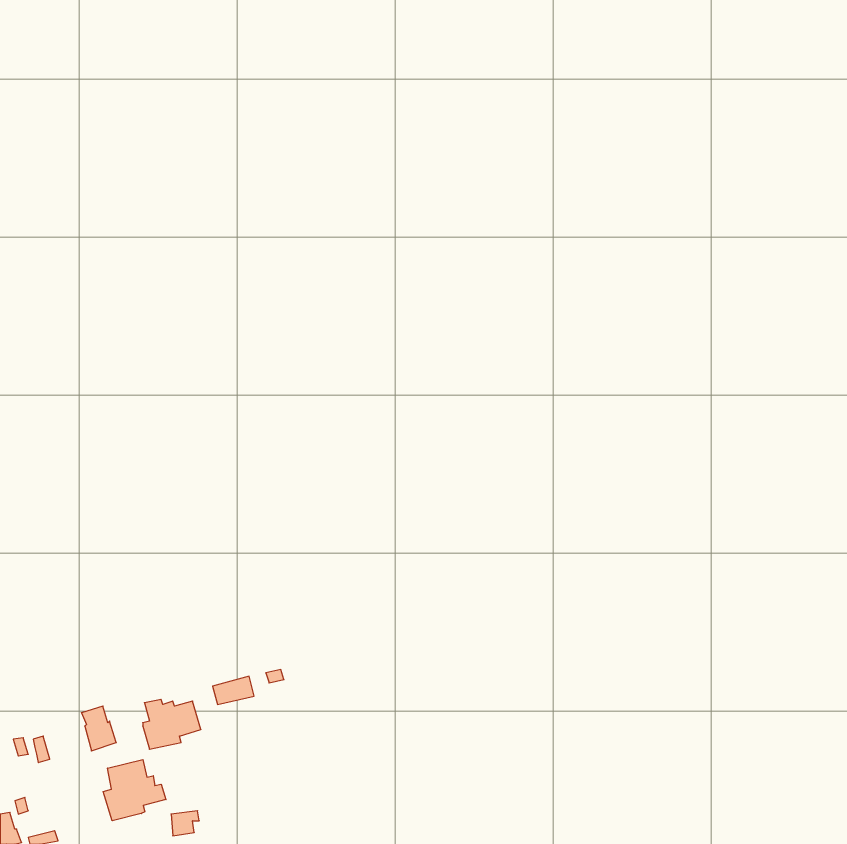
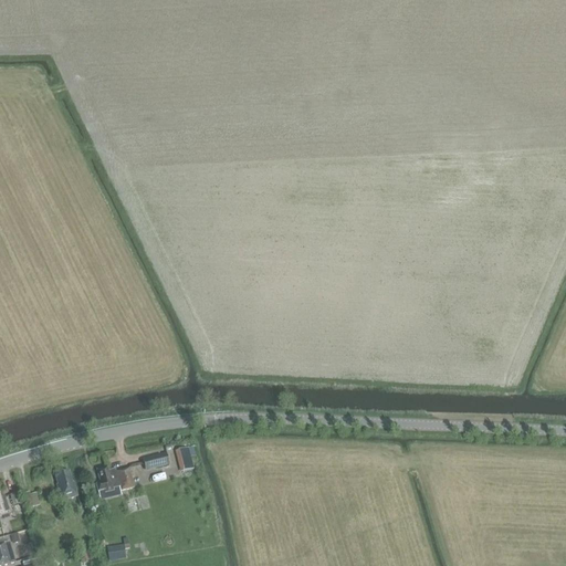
building: [103,760,166,821] -> none

